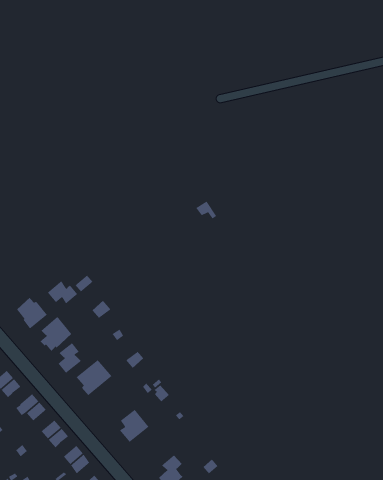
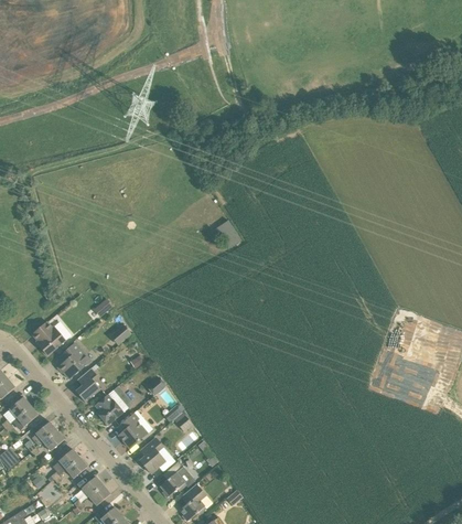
building: [47,280,78,305] -> none
building: none -> [117,411,152,448]
building: none -> [159,461,194,498]

